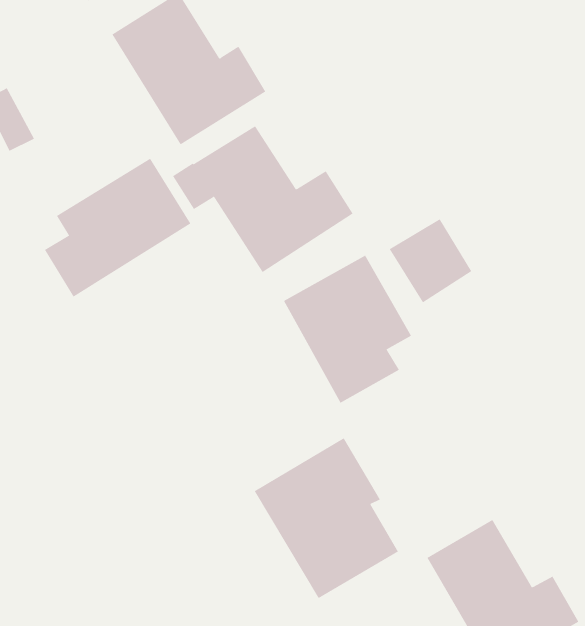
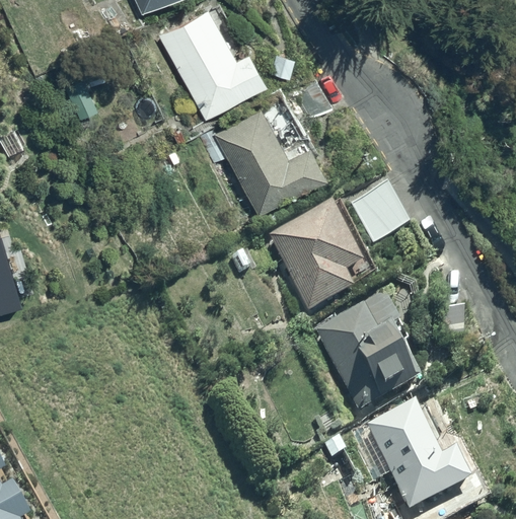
building: [44,158,191,298] -> none
building: [254,437,399,599] -> [317,295,421,412]

